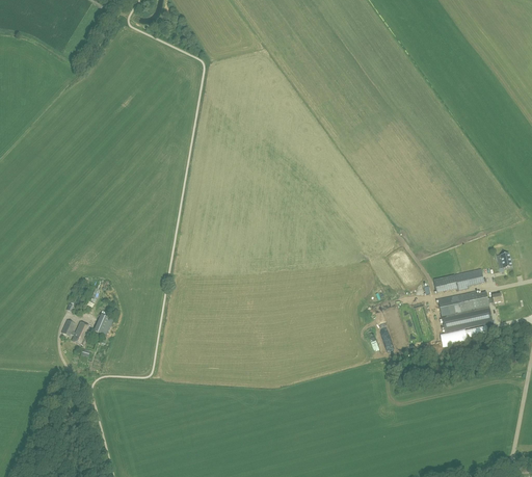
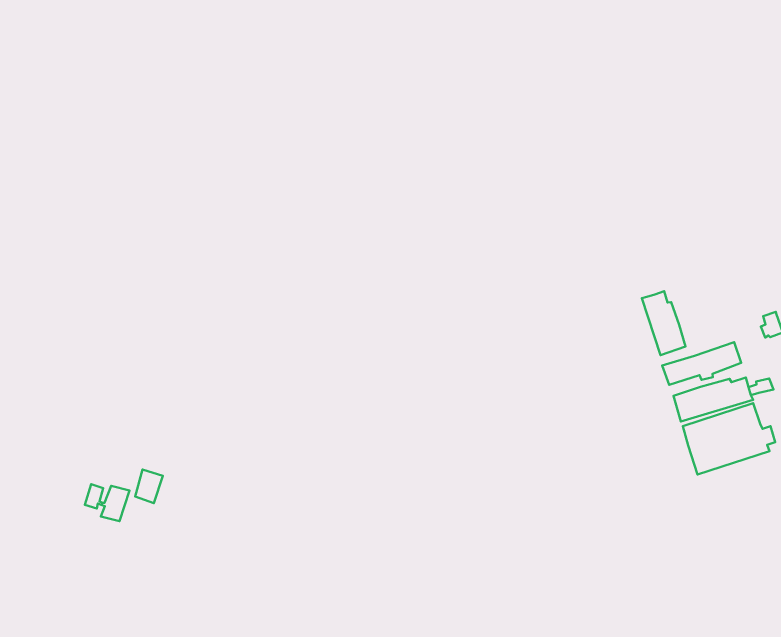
building: none -> [642,291,685,355]

